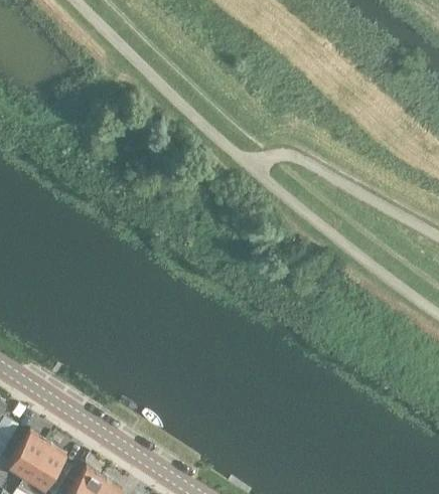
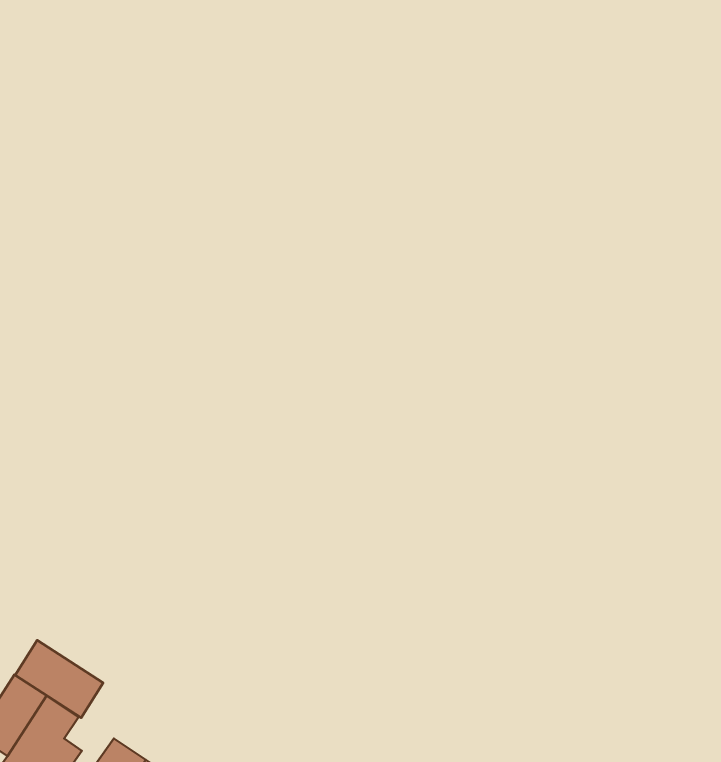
building: none -> [15,640,103,718]

